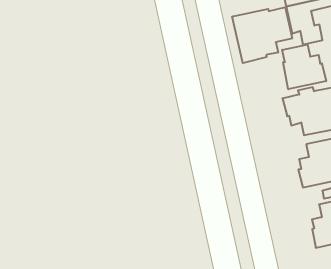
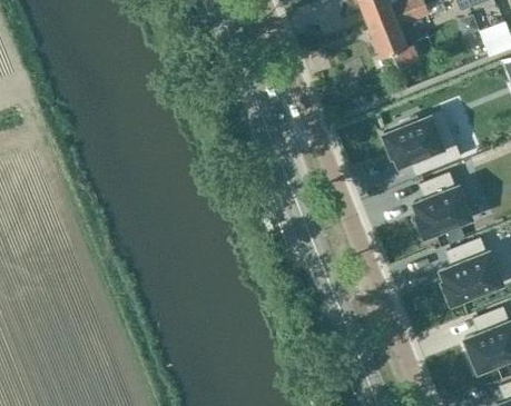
building: [232,7,292,63] -> none
building: [282,44,326,89] -> none

